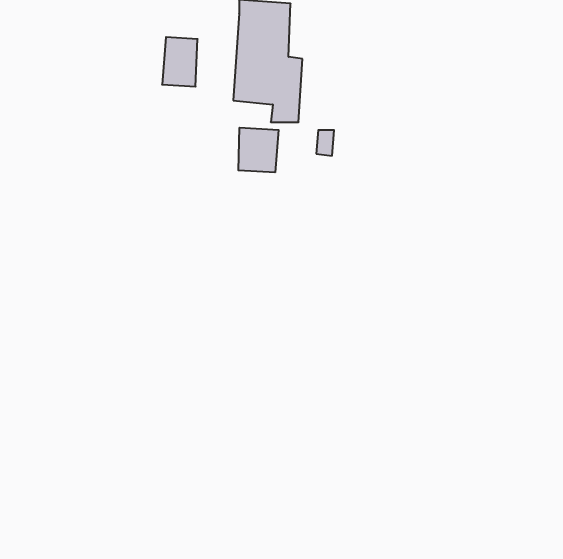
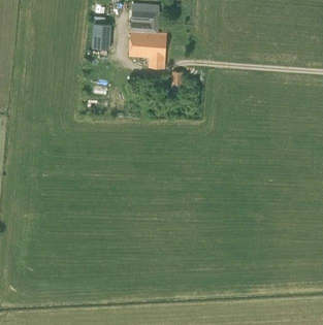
building: [238,128,279,172] -> none

